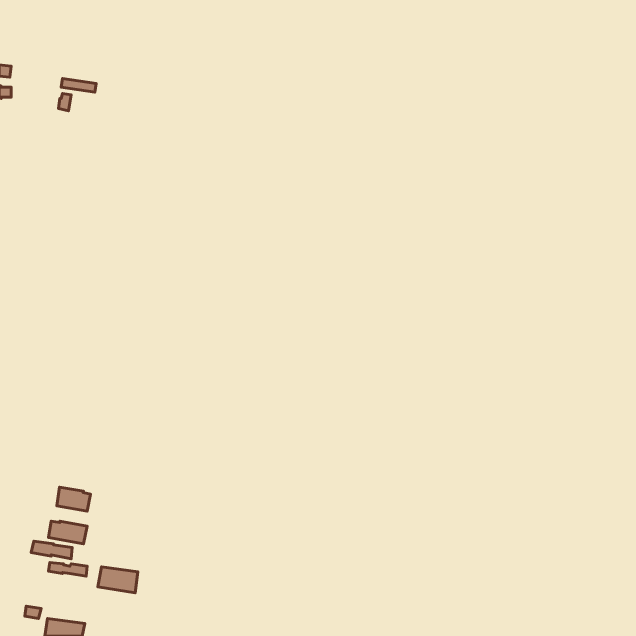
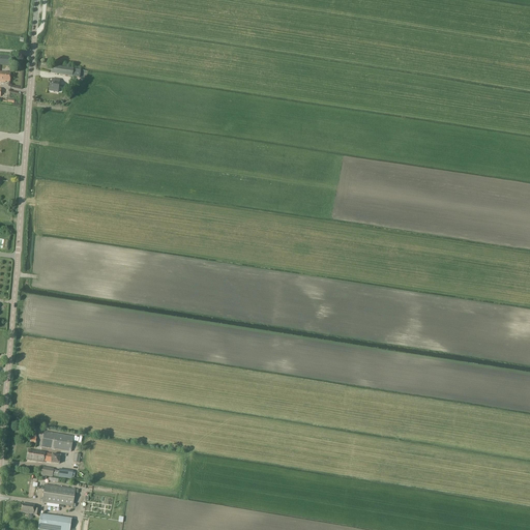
building: [57,487,91,511] -> none
building: [98,567,138,593] -> [41,484,75,506]

